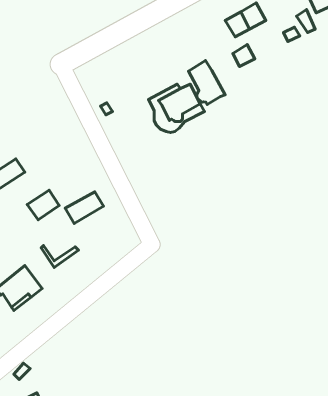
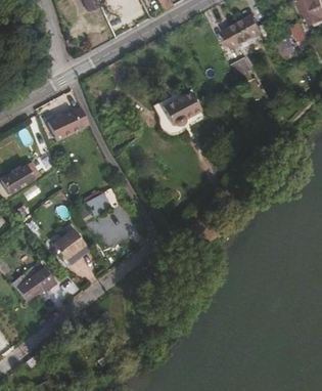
building: [188,61,225,105] -> none
building: none -> [48,105,89,138]
building: [27,190,59,220] -> [55,228,85,256]

